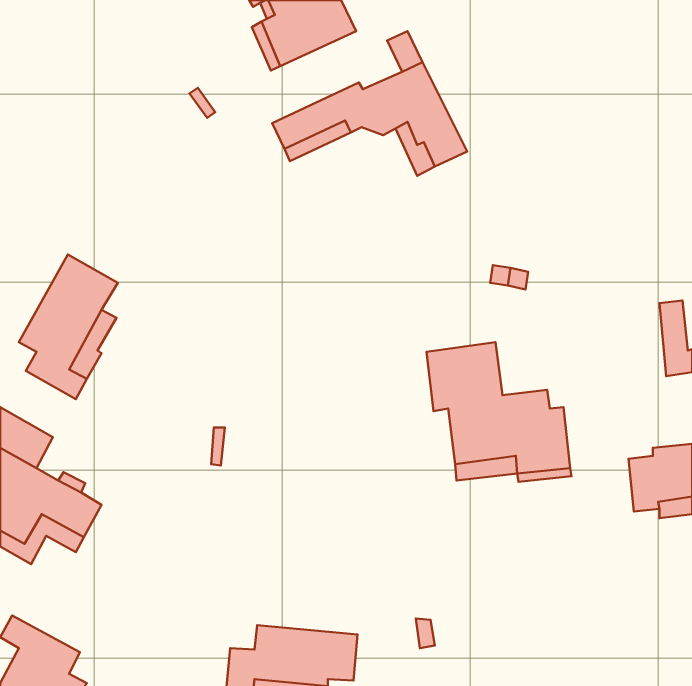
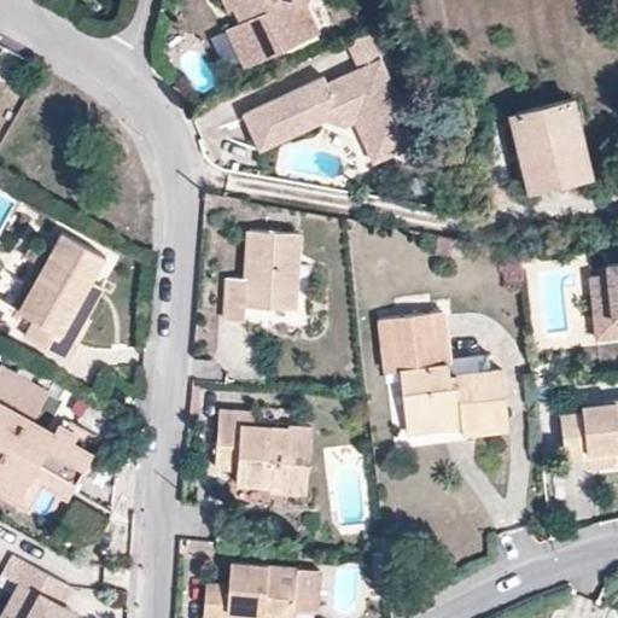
building: none -> [513,111,590,202]
building: none -> [221,237,301,327]
building: none -> [214,410,310,494]

